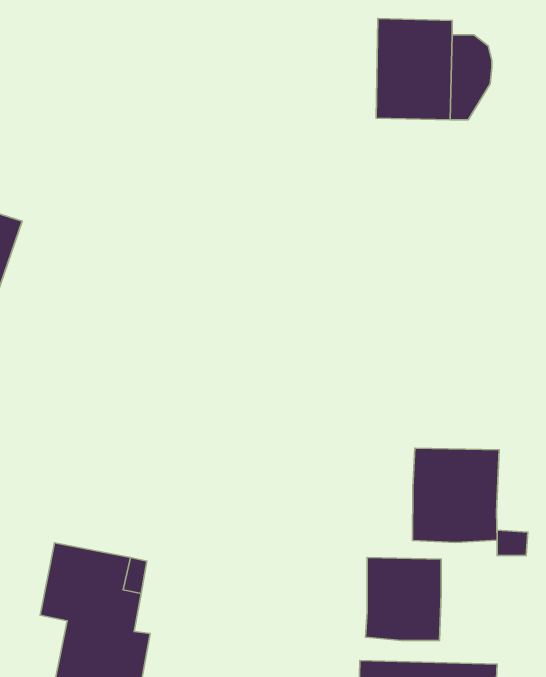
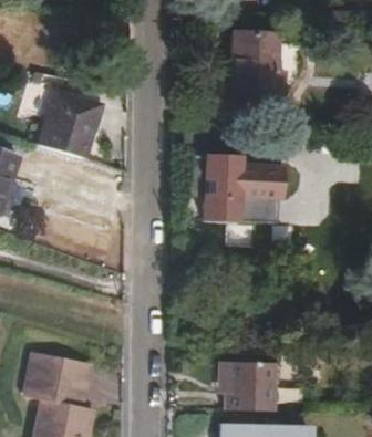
building: none -> [40,92,100,160]
building: none -> [203,152,288,222]
building: [413,448,499,542] -> none

